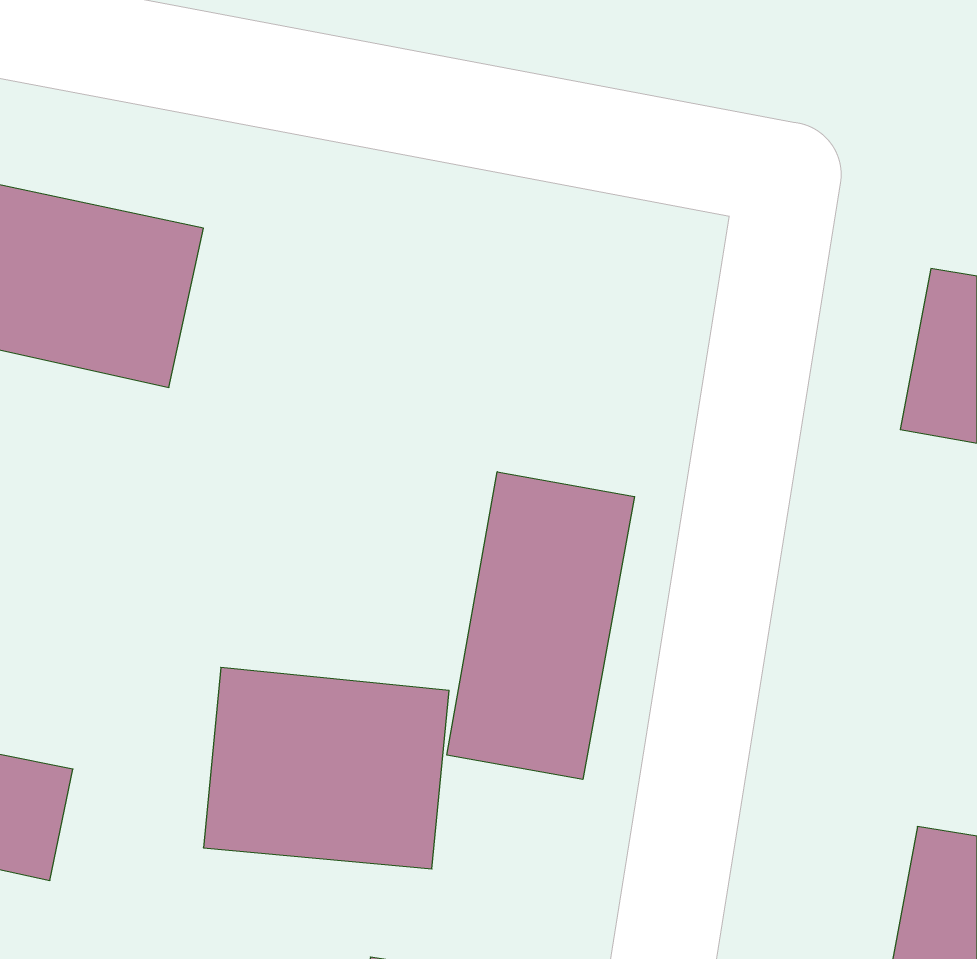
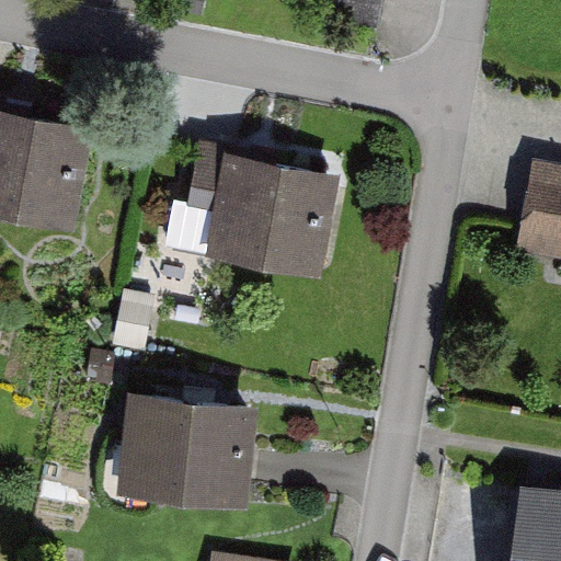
building: none -> [205,156,340,279]
building: [447,472,635,779] -> none

